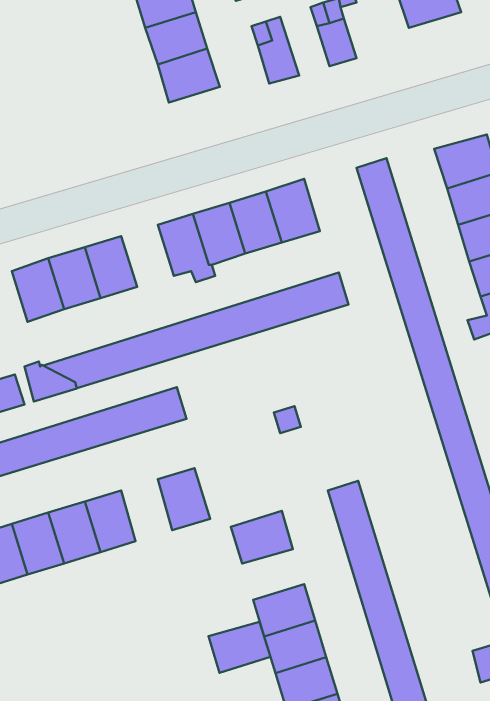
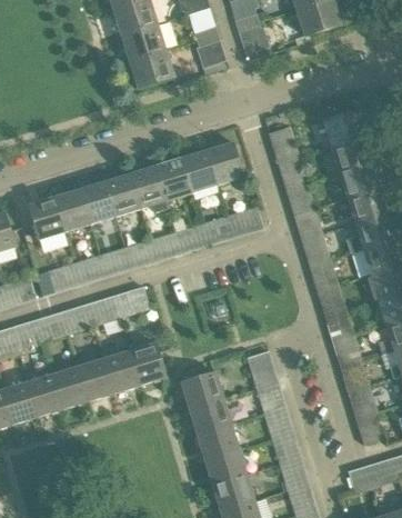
building: none -> [103,172,140,216]
building: none -> [103,350,139,394]
building: [208,622,270,673] -> [188,399,231,435]

